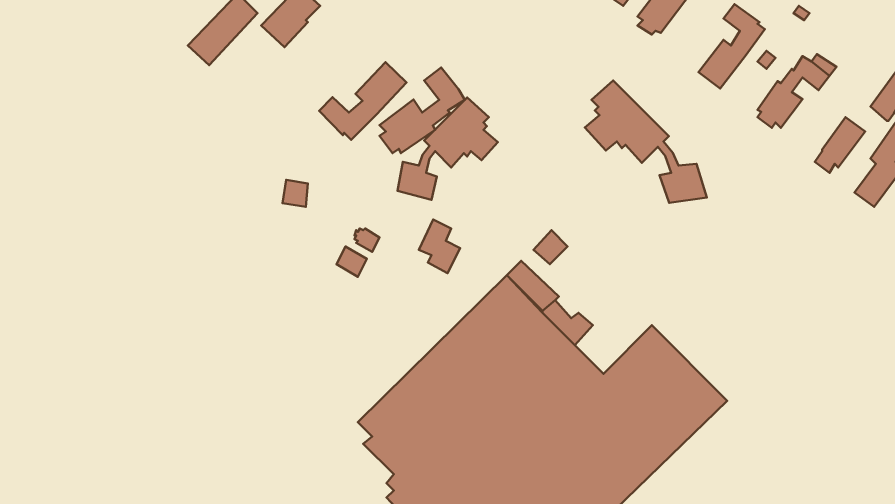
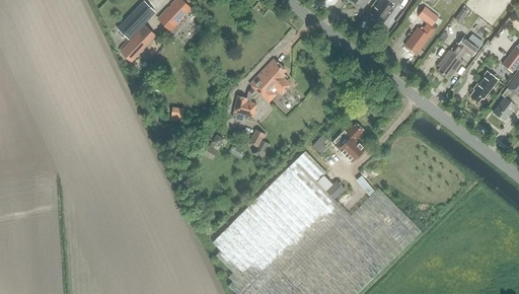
building: none -> [119,24,156,63]
building: [319,62,406,140] -> none
building: [379,68,465,153] -> none
building: [585,80,707,203] -> none
building: none -> [332,123,365,161]

